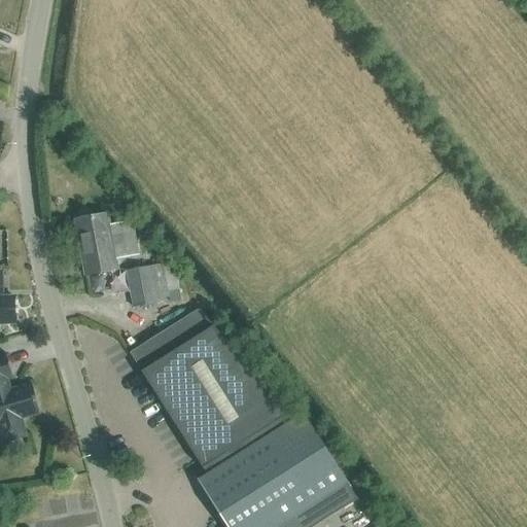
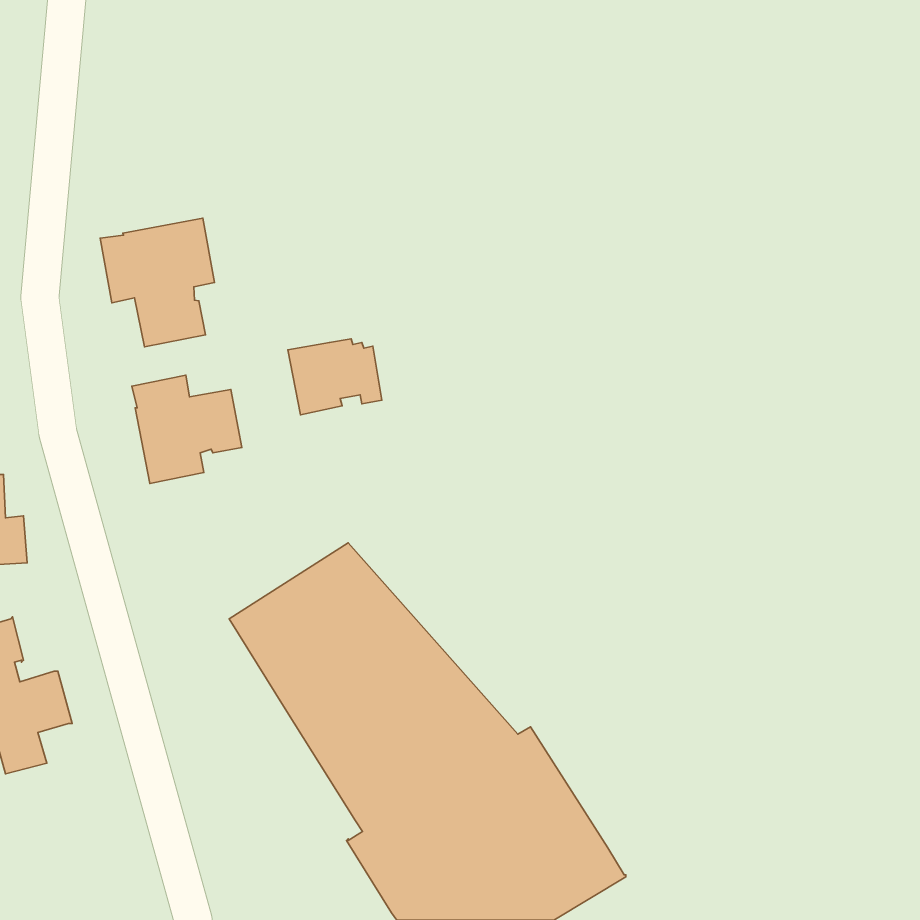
building: none -> [100,218,215,347]
building: [126,265,179,308] -> [288,339,382,415]

